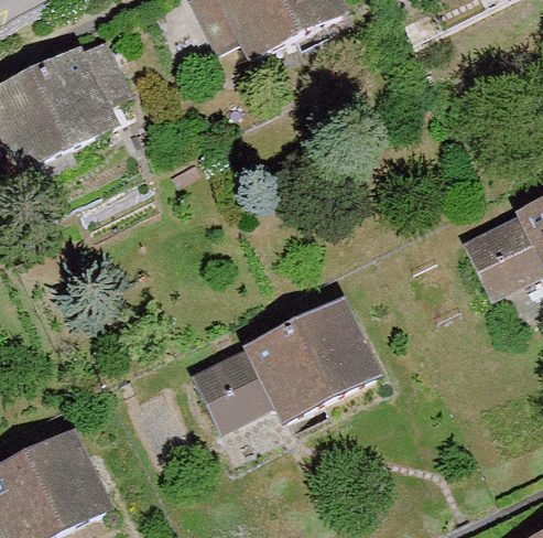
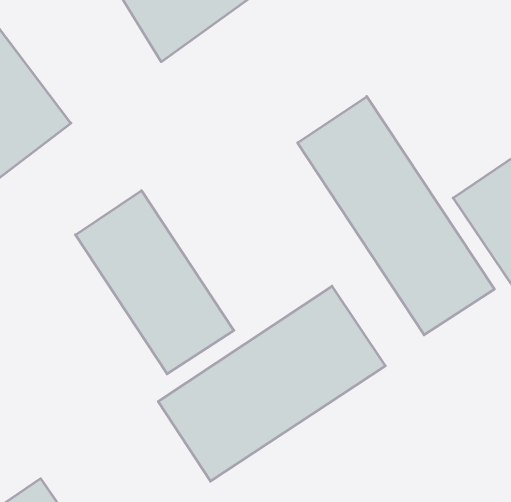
building: none -> [298,96,494,335]
building: none -> [75,191,234,374]

